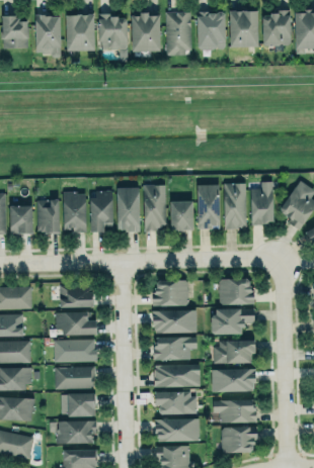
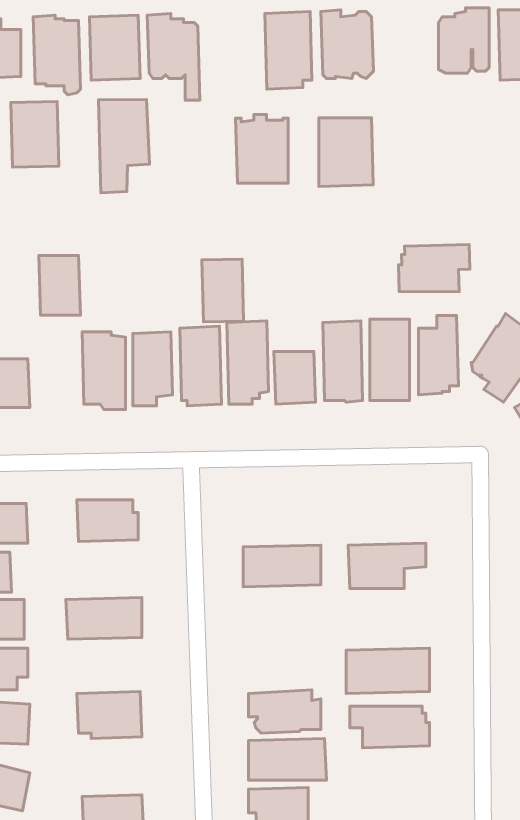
building: [229,10,259,49] -> [319,118,373,187]
building: [132,13,161,52] -> [236,115,288,183]
building: none -> [98,100,150,193]
building: none -> [11,102,59,167]
building: none -> [399,245,470,292]
building: none -> [202,259,244,322]
building: [36,200,60,233] -> [39,255,80,315]
building: [219,279,255,305] -> none
building: [154,280,188,306] -> none
building: [55,311,98,337] -> none
building: [155,338,197,359] -> none
building: [213,342,255,364] -> none
building: [155,365,201,387] -> none
building: [54,366,95,390] -> none
building: [56,422,95,444] -> none
building: [222,428,256,453] -> none

